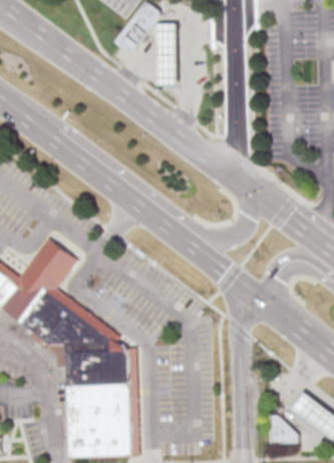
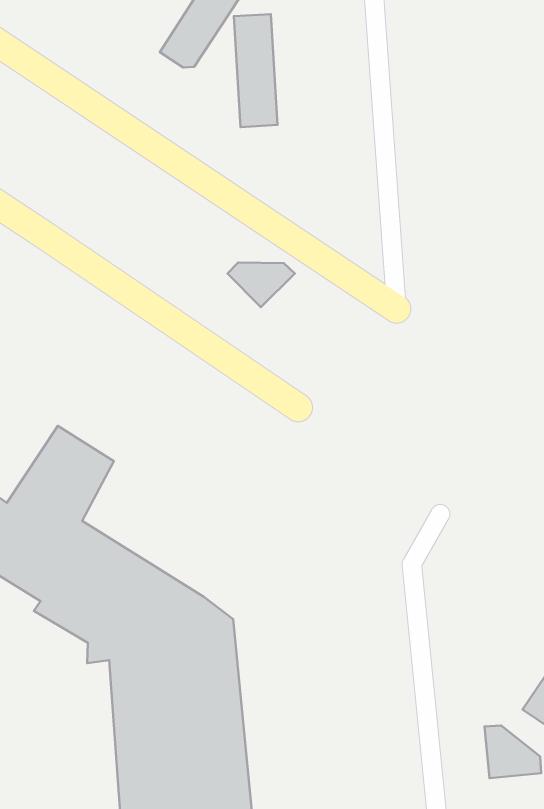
building: none -> [228,262,295,307]

